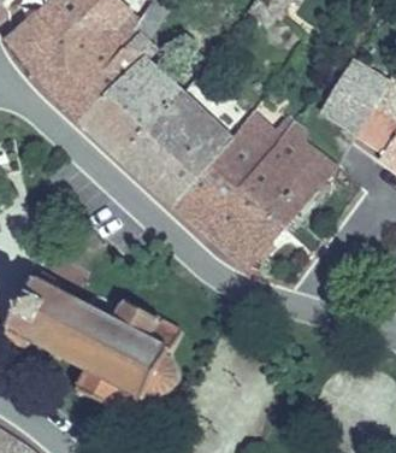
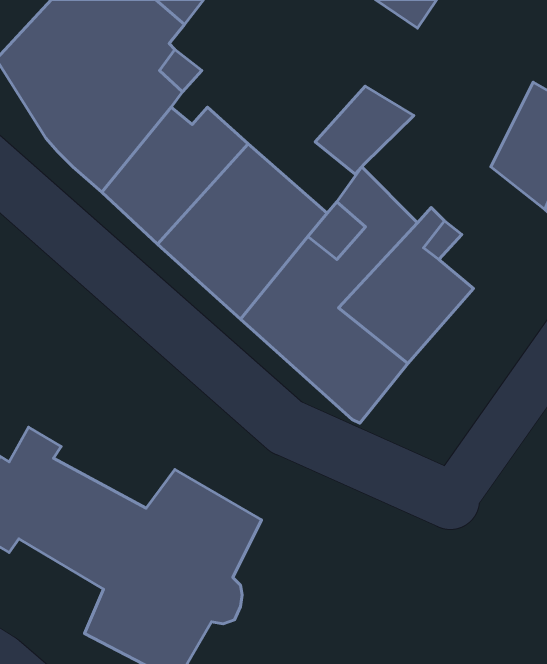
building: none -> [315,86,414,174]

